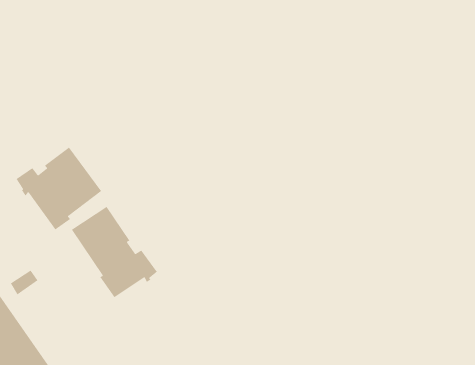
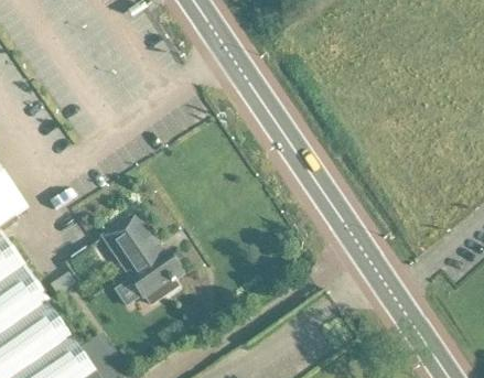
building: [15,147,102,230] -> none

